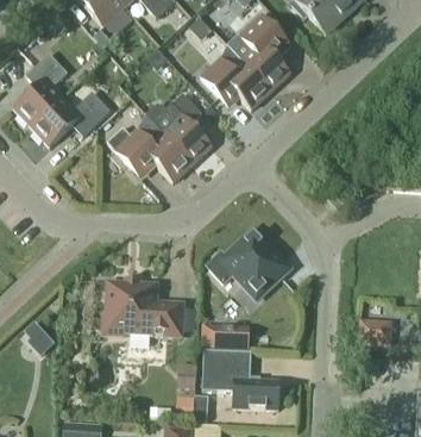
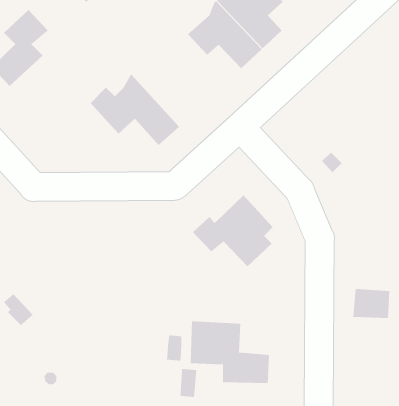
building: [31,90,111,145] -> none
building: [146,92,212,163] -> none
building: [102,281,183,344] -> none
building: [205,321,249,347] -> none

